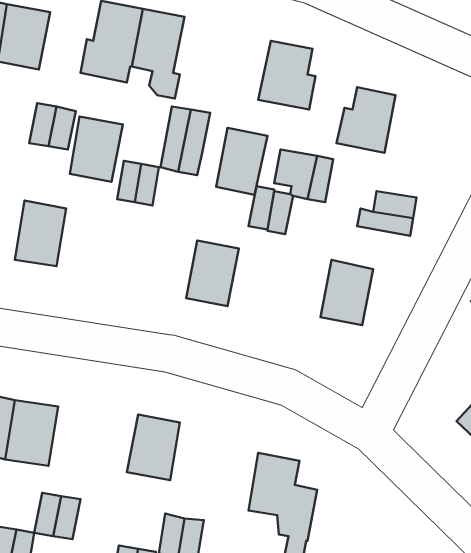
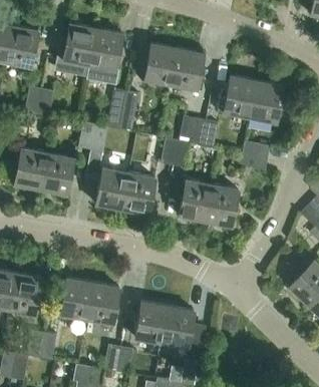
building: none -> [247,82,282,123]
building: [70,116,123,182] -> [41,153,74,195]
building: [216,128,267,195] -> [143,43,176,85]
building: none -> [96,169,129,210]
building: none -> [181,179,214,222]
building: none -> [59,278,92,319]
building: none -> [134,302,168,343]

